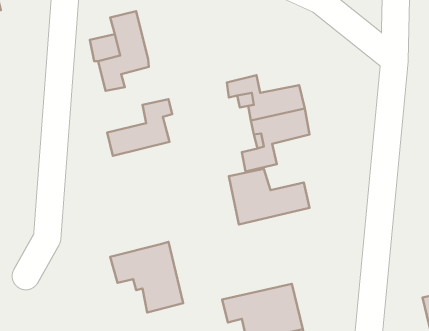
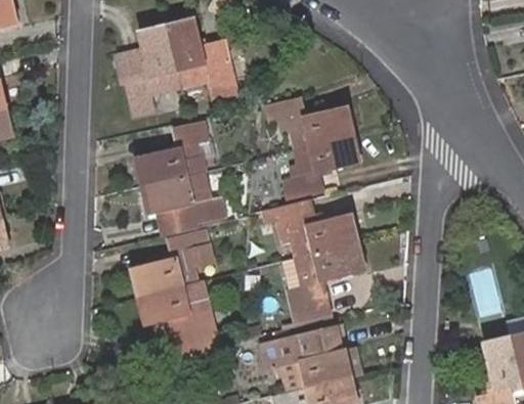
building: none -> [167,18,239,108]
building: none -> [141,170,223,234]
building: none -> [132,230,212,297]
building: none -> [280,242,365,323]

